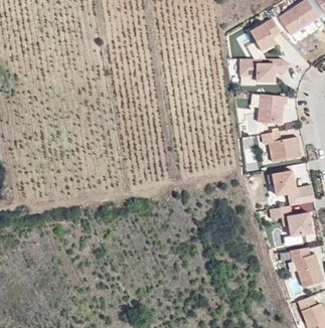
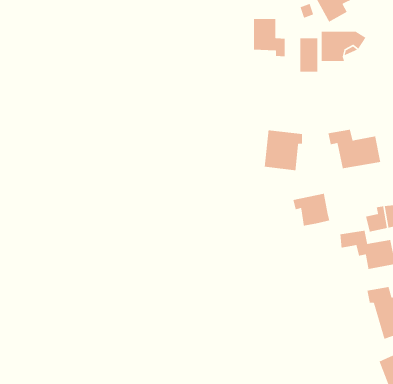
building: none -> [253,18,286,57]
building: [257,92,286,123] -> [264,130,303,171]
building: [270,172,298,197] -> [292,193,330,226]

